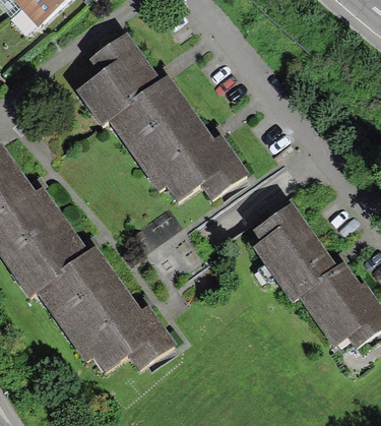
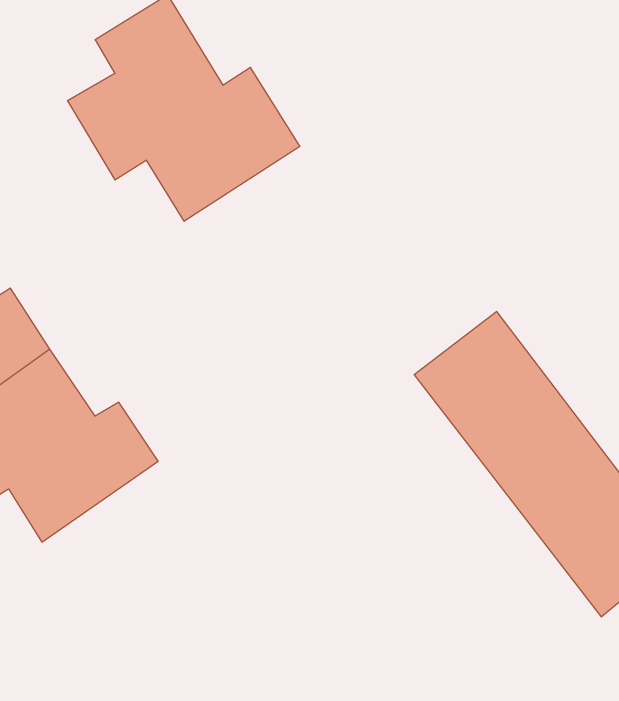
building: [132,113,249,202] -> none
building: [59,276,172,377] -> none

